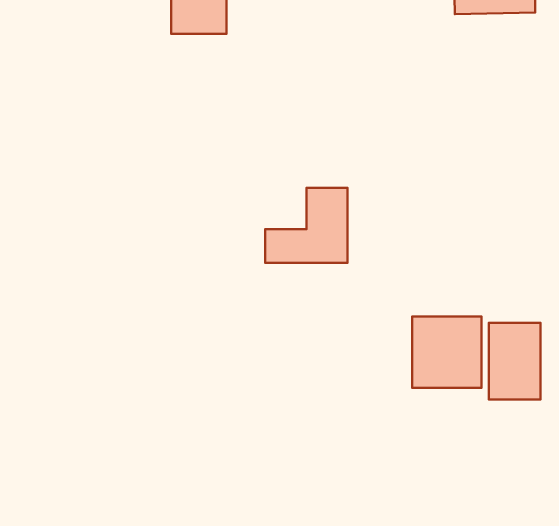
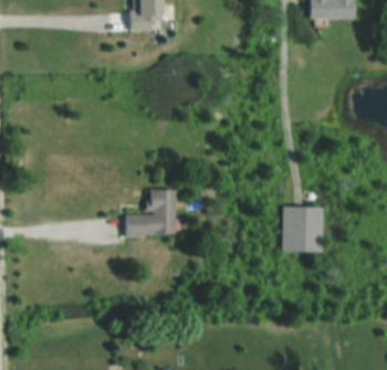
building: [265,188,347,263] -> [125,189,176,235]
building: [489,323,541,400] -> none

